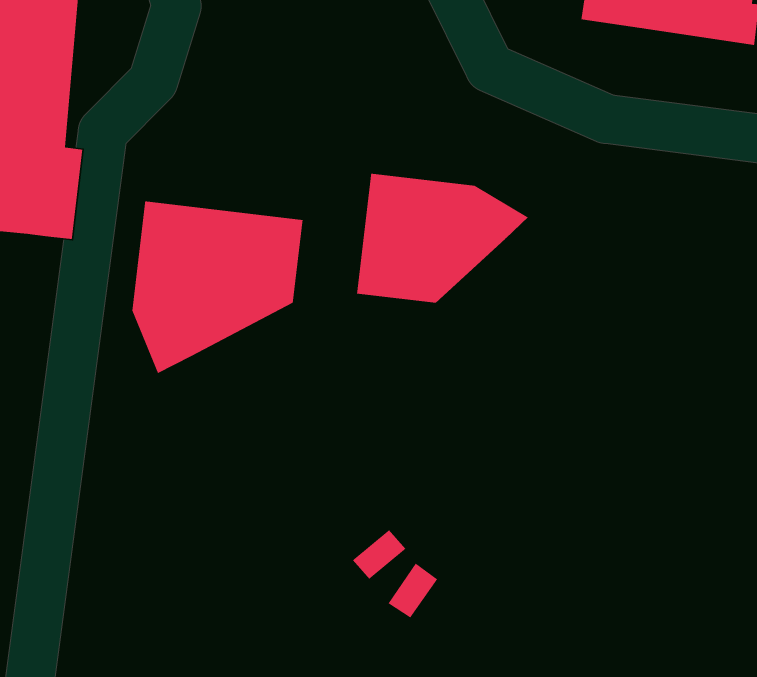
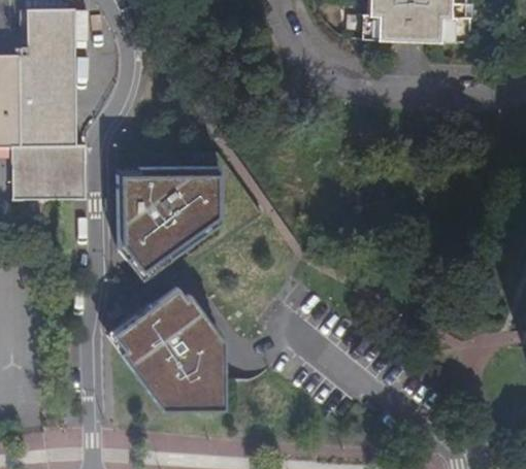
building: [356,173,529,303] -> none
building: none -> [110,283,220,408]

